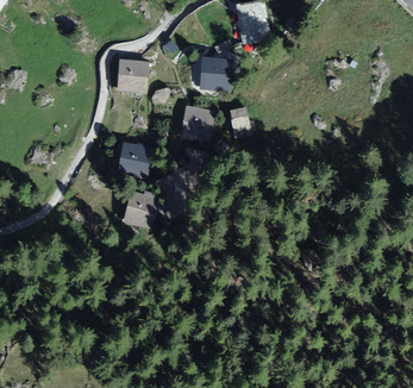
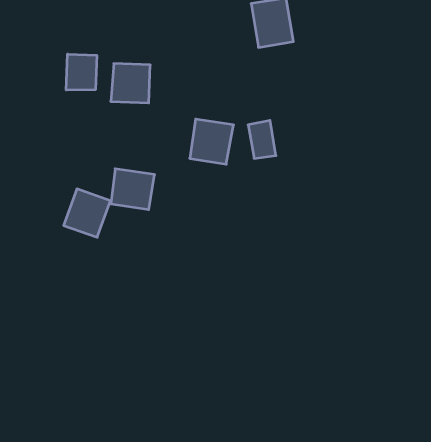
building: none -> [66,54,97,90]
building: [199,55,232,90] -> none
building: [124,189,162,229] -> [64,189,110,237]

